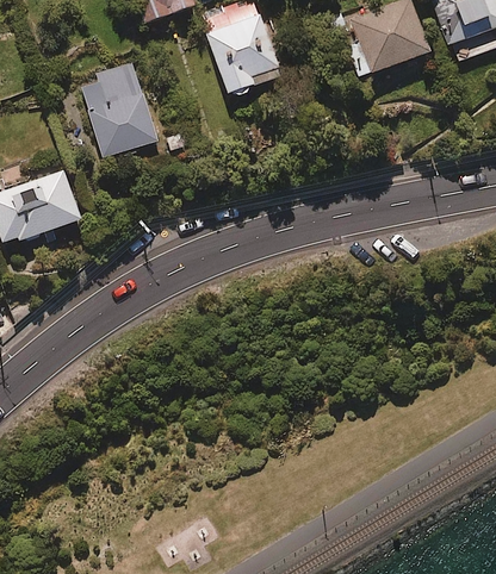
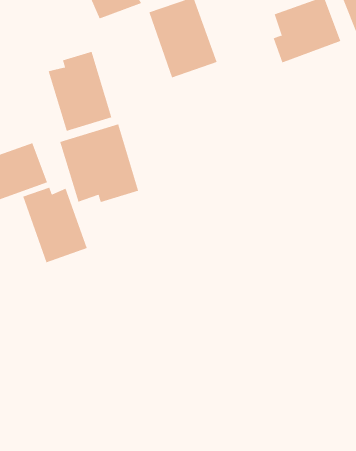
building: none -> [59,124,139,203]
building: none -> [23,187,88,263]

